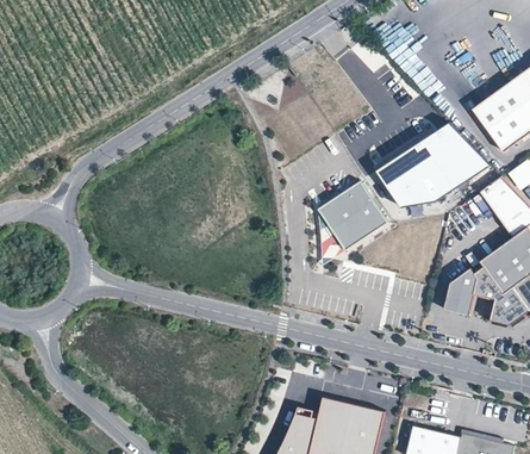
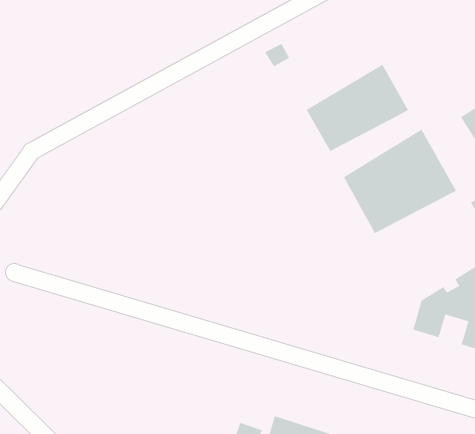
building: none -> [306,64,409,152]
building: [318,180,387,249] -> none

